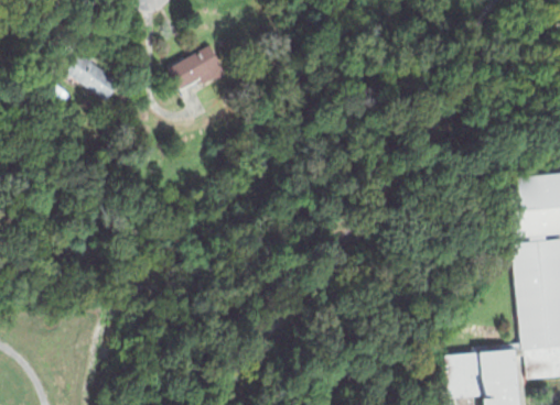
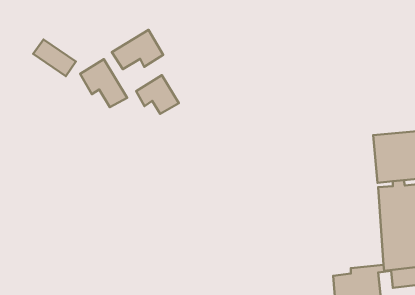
building: none -> [80,59,127,107]
building: none -> [136,75,179,114]

